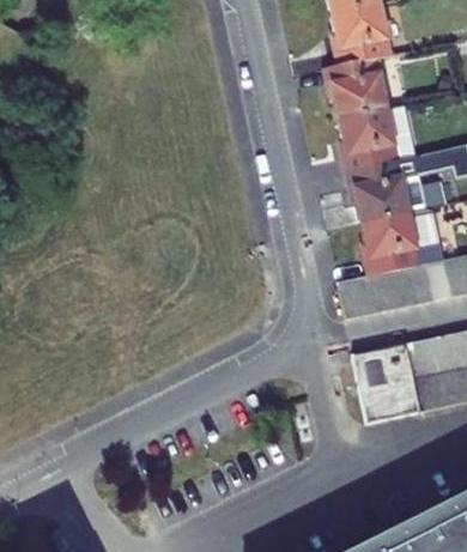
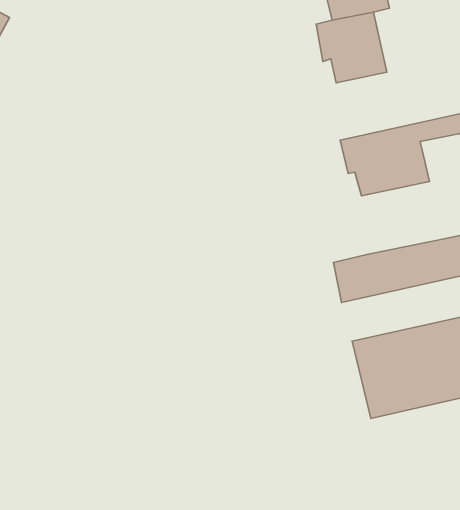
building: [336,107,414,172] -> none
building: [360,207,444,275] -> none

